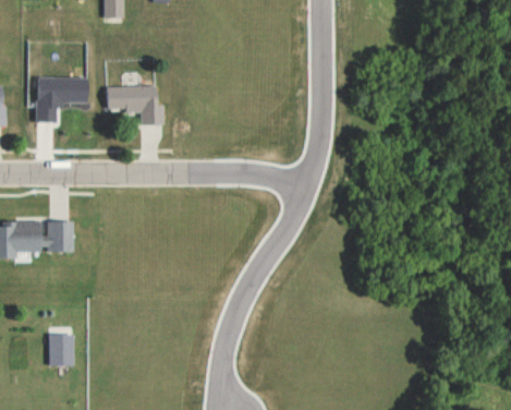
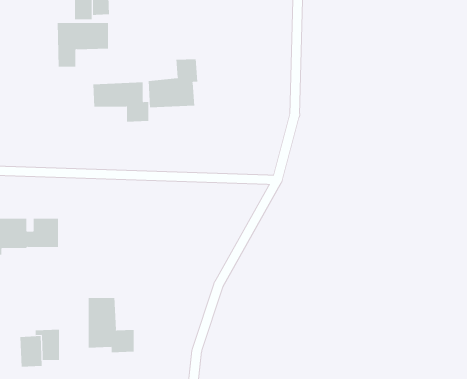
building: none -> [148,58,198,108]
building: [36,77,88,122] -> [57,23,109,67]
building: none -> [88,297,134,353]

